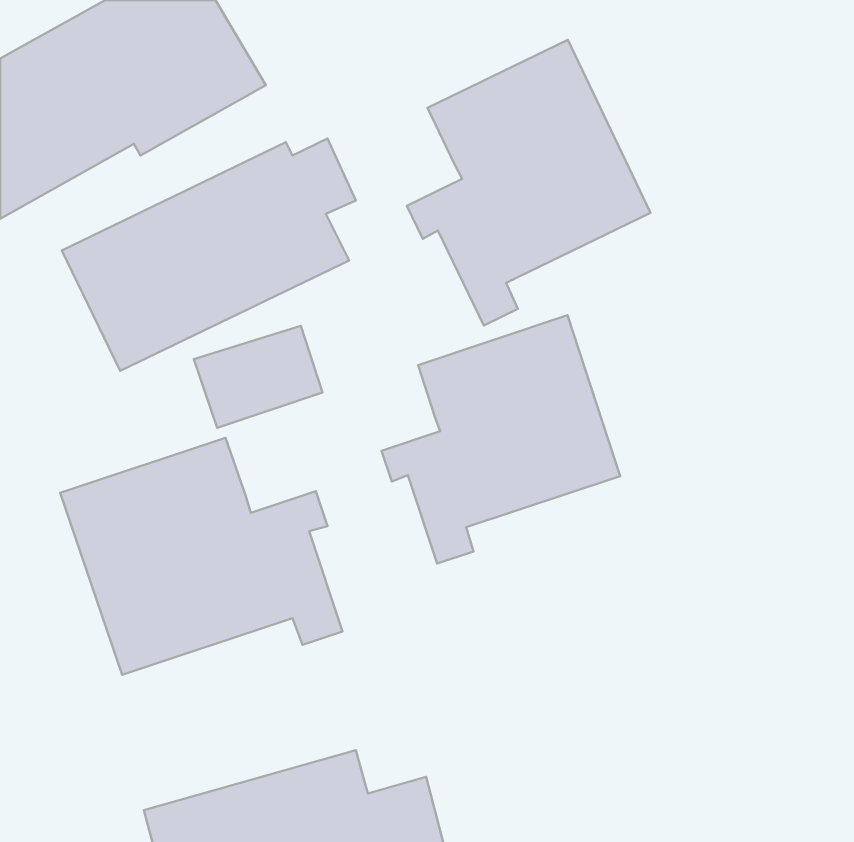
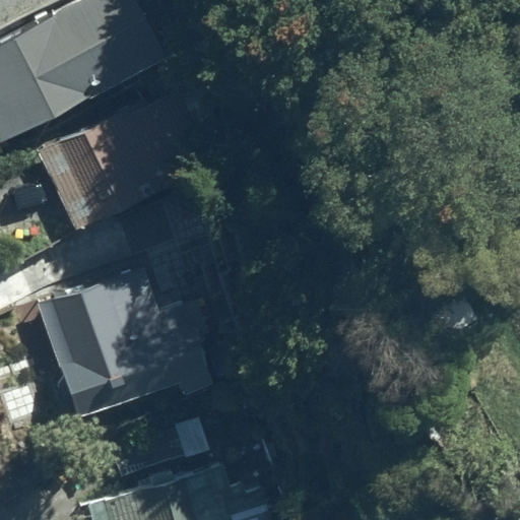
building: [407,40,651,325] -> none
building: [381,315,620,563] -> none

